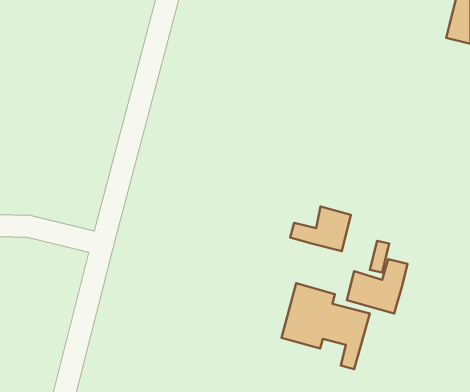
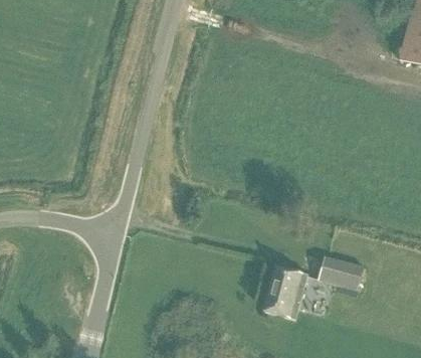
building: [290,206,351,251] -> none

